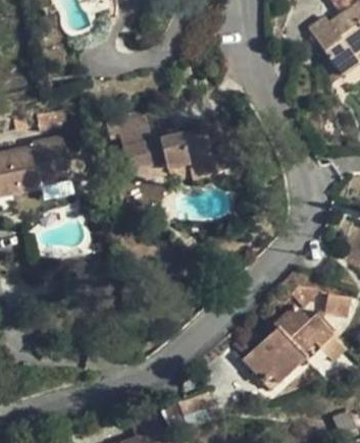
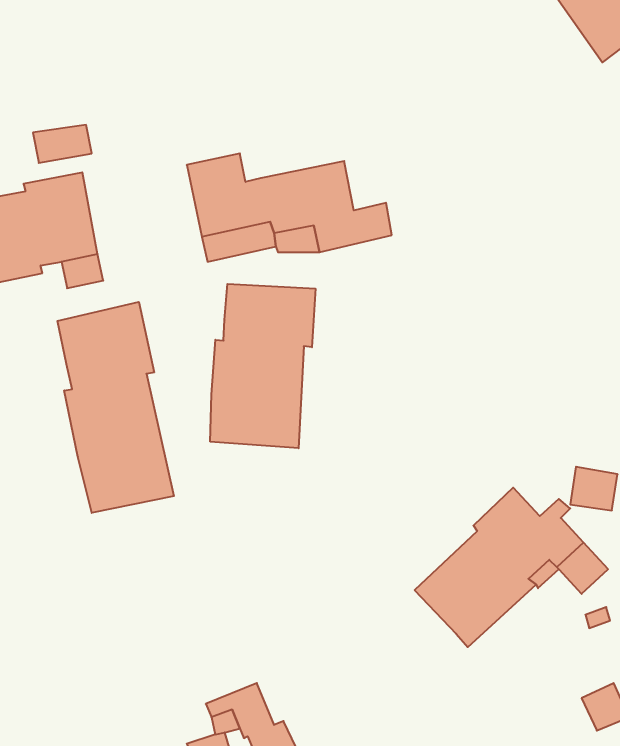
building: none -> [210,284,315,448]
building: none -> [57,302,174,513]

